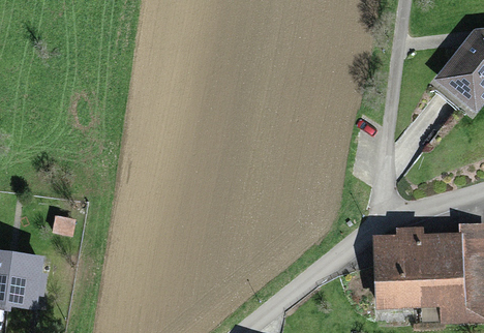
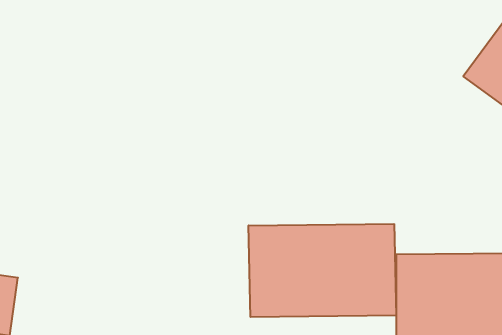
building: none -> [249,224,396,317]

